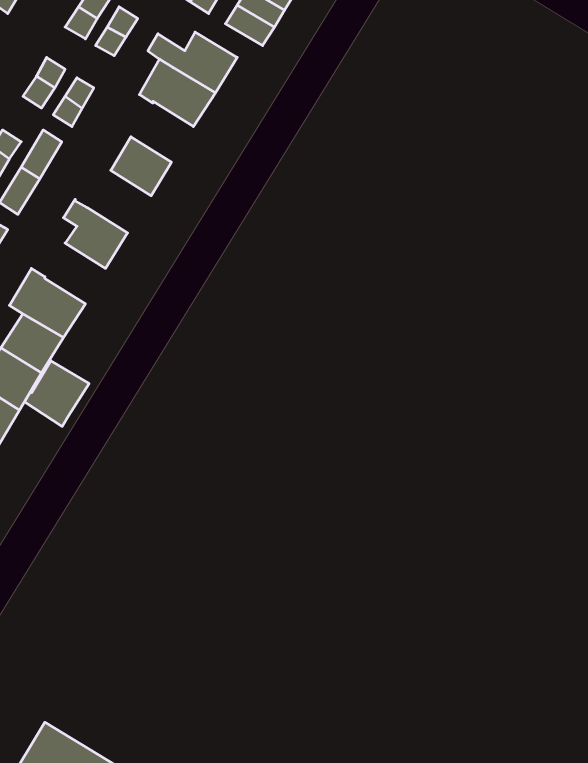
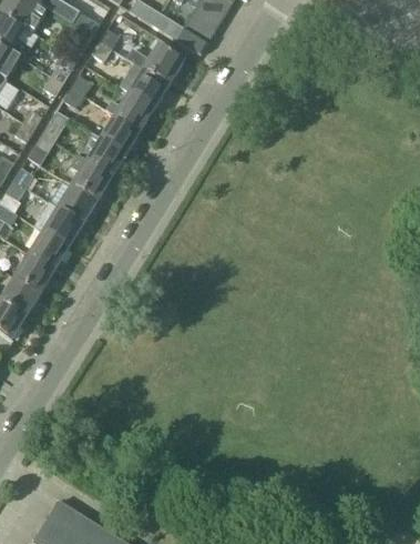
building: none -> [113,91,154,131]
building: none -> [76,132,126,178]
building: none -> [57,184,96,224]
building: [24,361,89,426] -> none

